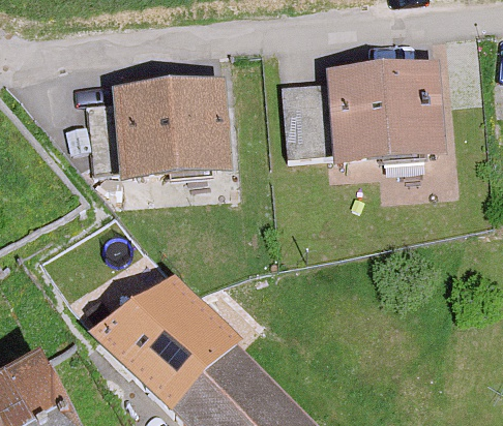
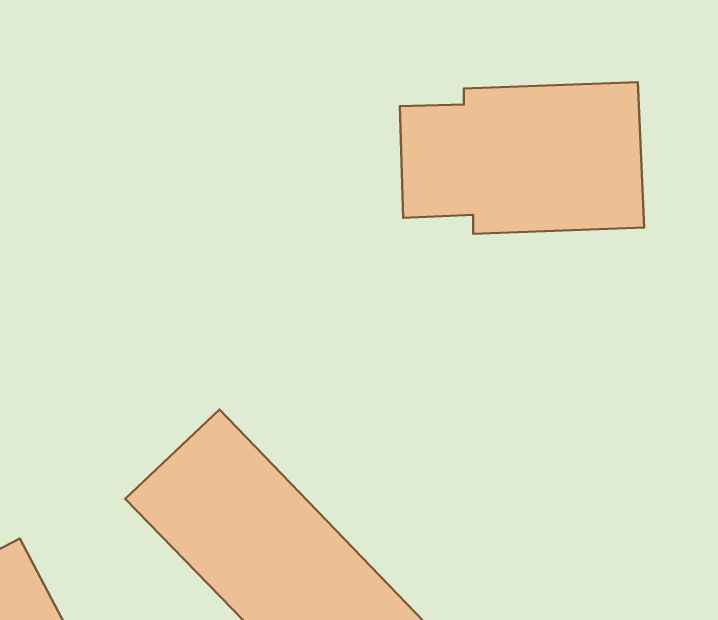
building: [91,79,229,177] -> none

